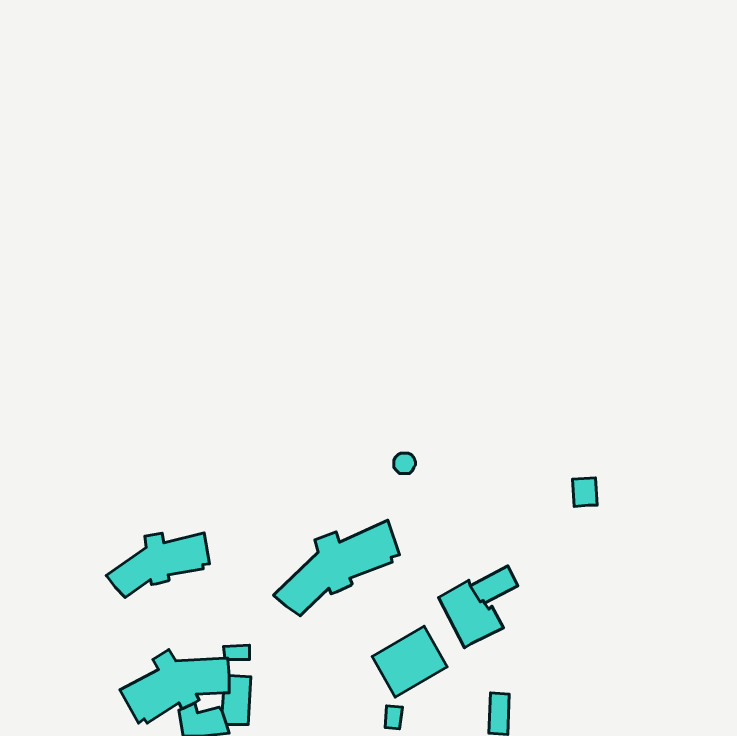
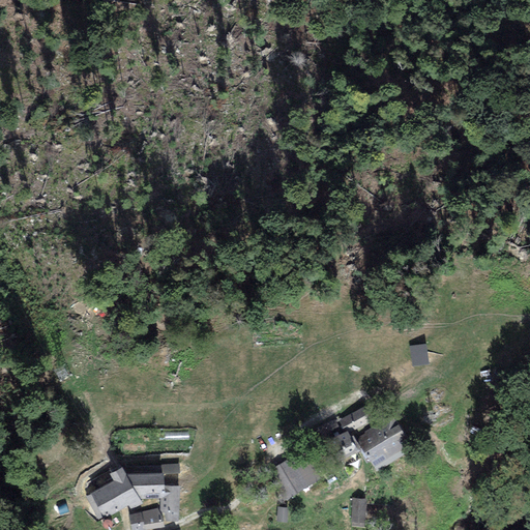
building: [273,520,399,616] -> none
building: [106,533,209,598] -> none
building: none -> [357,415,406,469]

